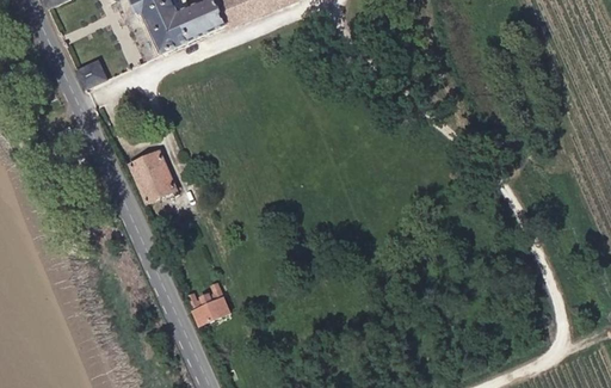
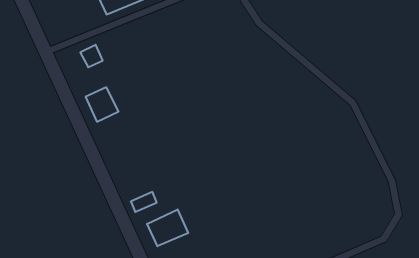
building: [73,57,104,88] -> [80,45,103,67]
building: none -> [147,209,188,246]

